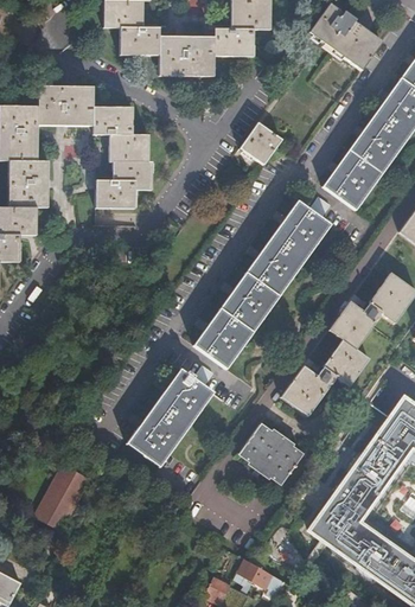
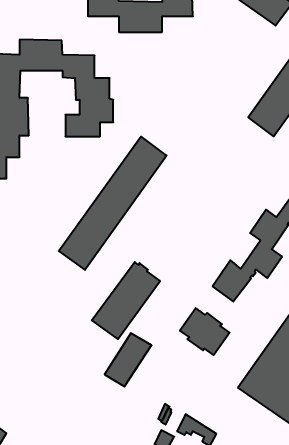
building: [242,123,280,164] -> none
building: [193,199,330,368] -> [59,137,167,270]
building: [36,464,95,531] -> [105,333,152,387]

